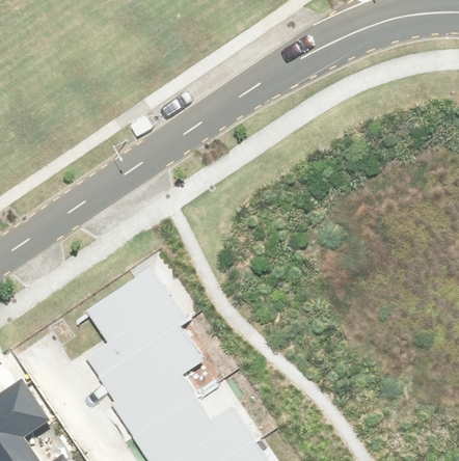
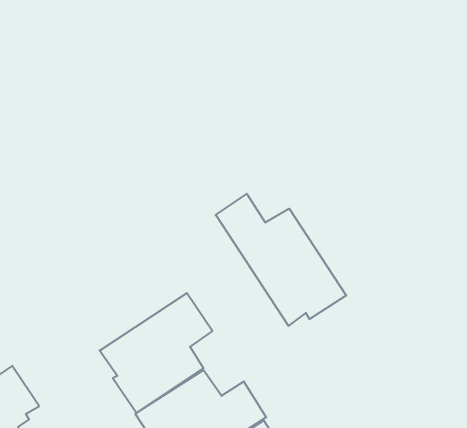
building: none -> [216,194,346,326]
building: [87,266,184,373] -> none

